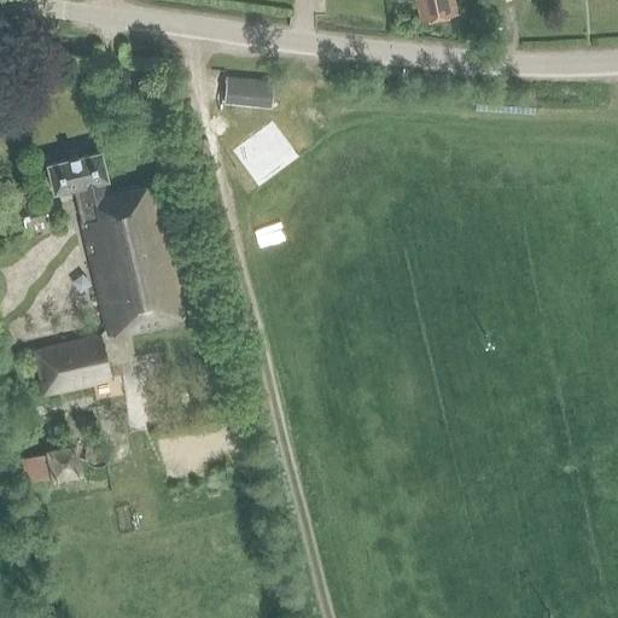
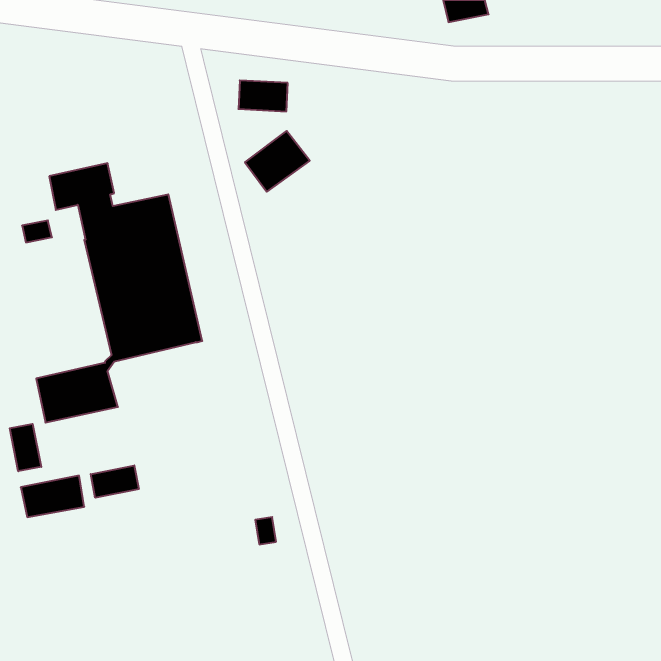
building: none -> [10,424,41,471]
building: none -> [91,465,139,498]

